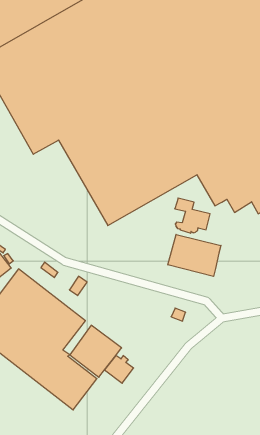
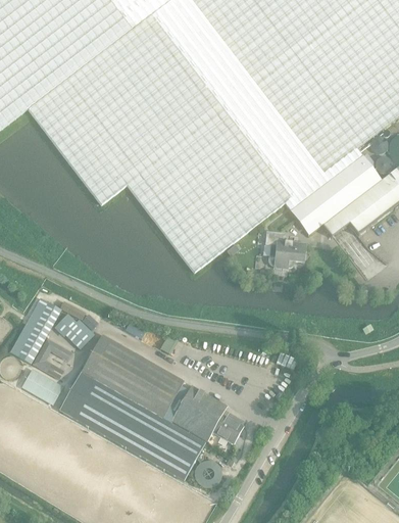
building: [168,234,221,276] -> none

